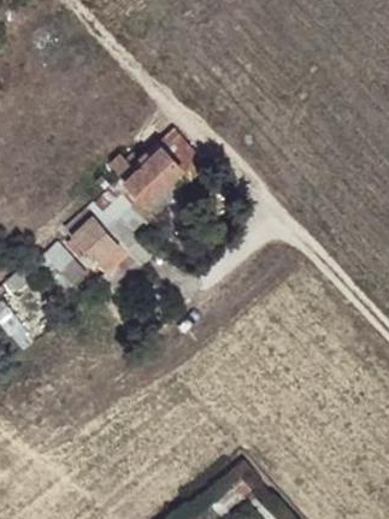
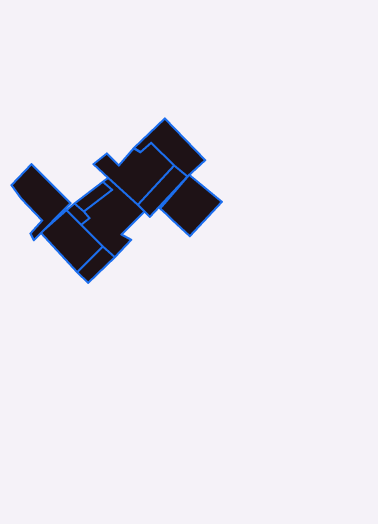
building: none -> [11,164,70,240]
building: none -> [160,175,222,236]

